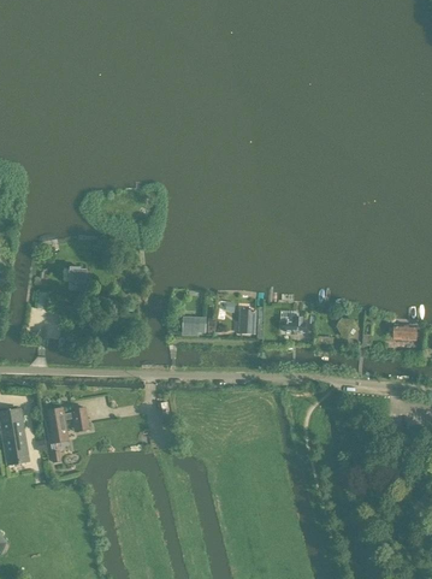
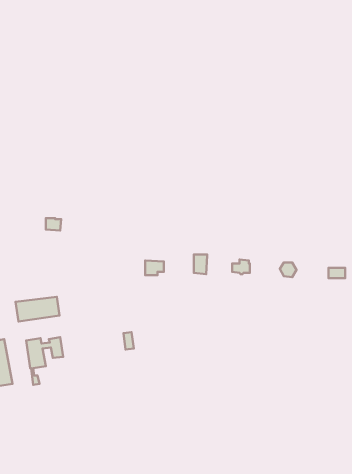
building: none -> [15,297,60,322]

